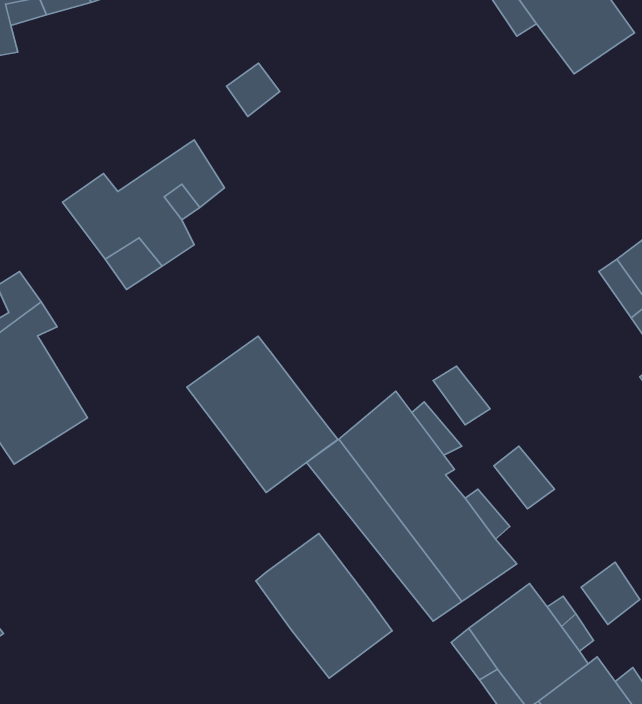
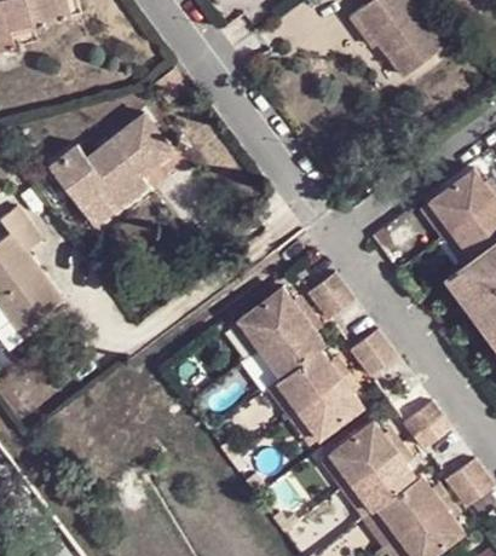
building: [187,336,338,493] -> none
building: [256,533,392,678] -> none

